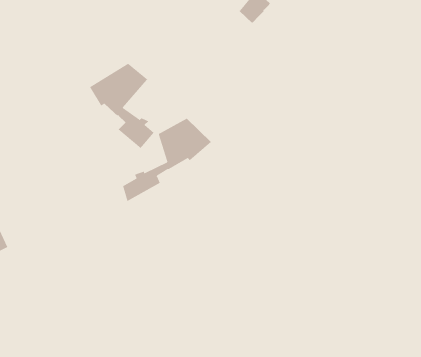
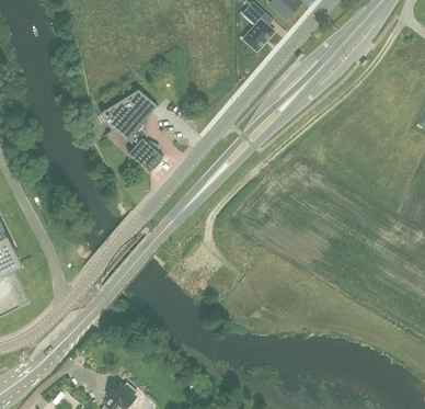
building: [123,118,212,202] -> none

